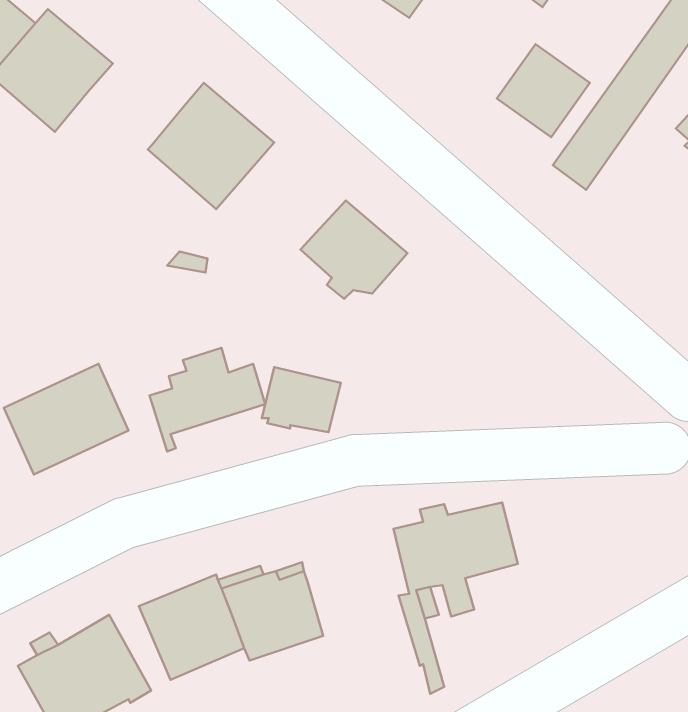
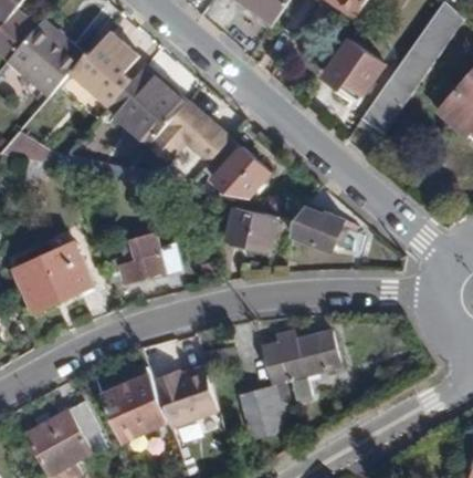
building: none -> [69,32,137,105]
building: none -> [153,104,231,162]
building: none -> [293,206,345,250]
building: [262,367,341,432] -> [229,206,278,247]
building: none -> [236,388,277,440]

